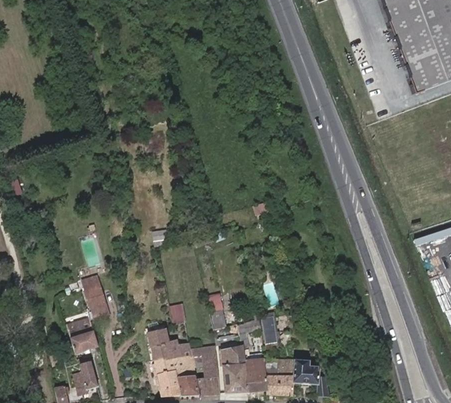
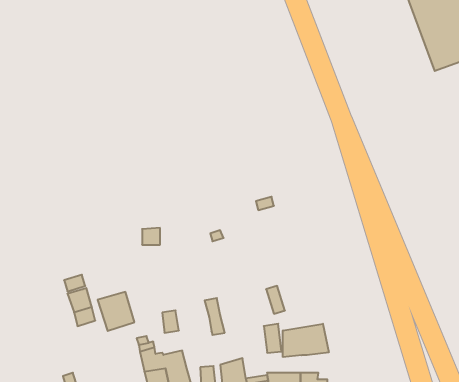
building: none -> [283,324,329,357]
building: [67,318,100,353] -> [98,292,134,331]

